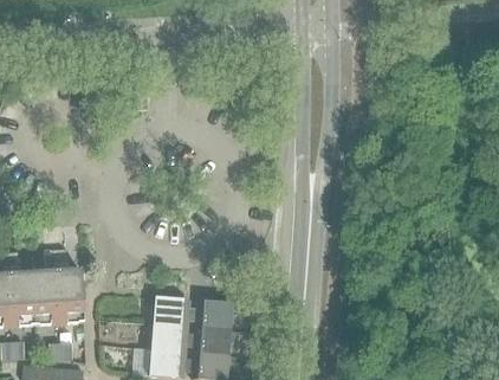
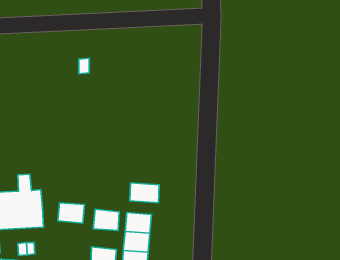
building: none -> [130,183,159,203]
building: [150,323,187,352] -> [58,203,84,223]

